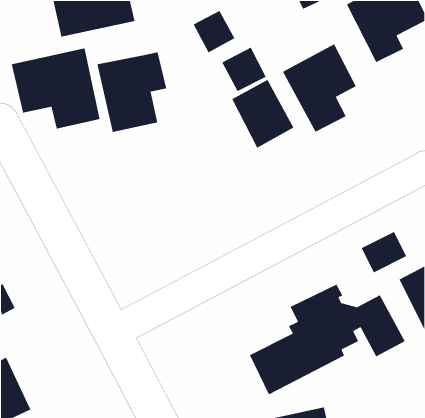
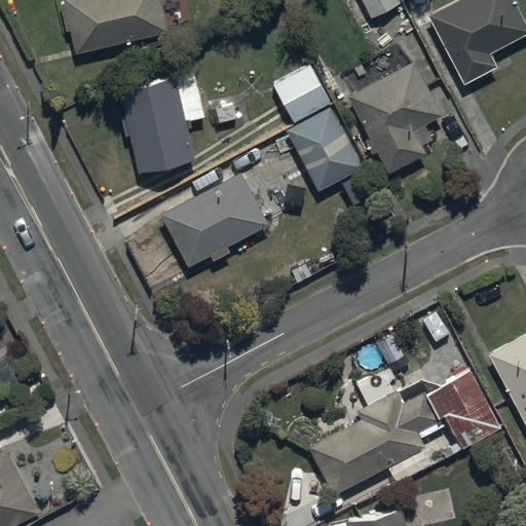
building: [193,10,236,53] -> none
building: [11,48,101,129] -> none
building: none -> [160,173,268,267]
building: [360,231,407,274] -> none

